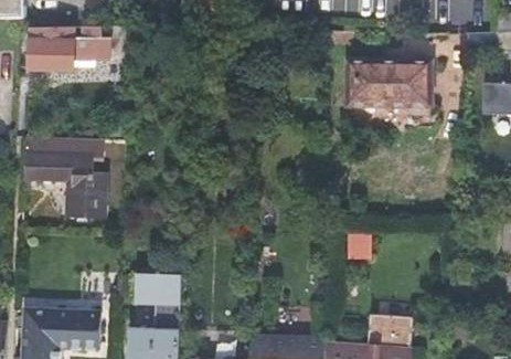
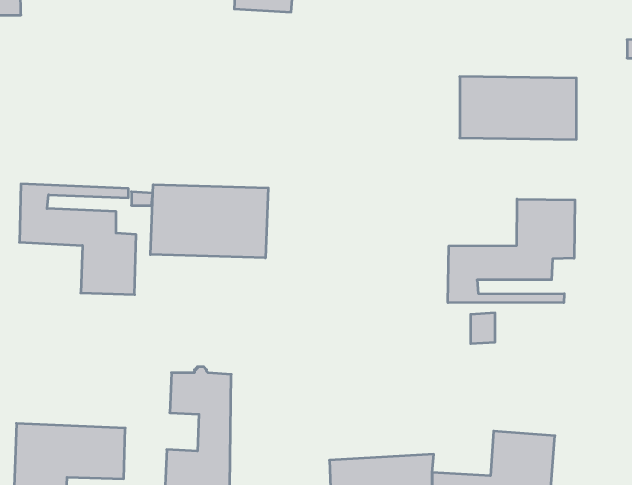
building: [30,28,111,70] -> none
building: none -> [150,185,268,258]
building: none -> [448,199,575,303]

